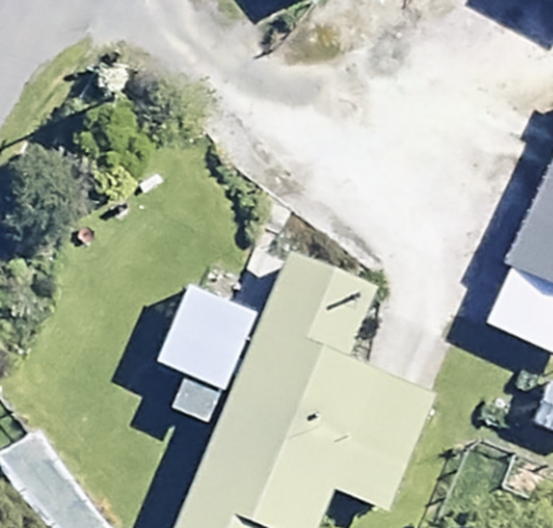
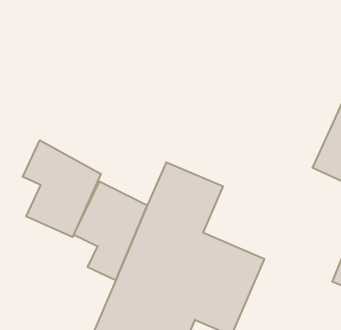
building: none -> [23,140,101,237]

